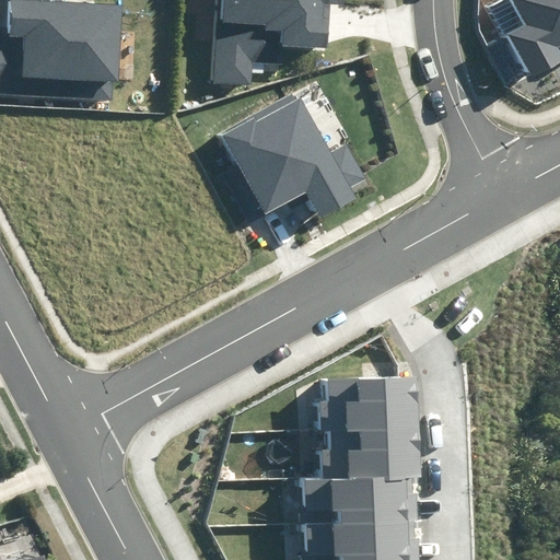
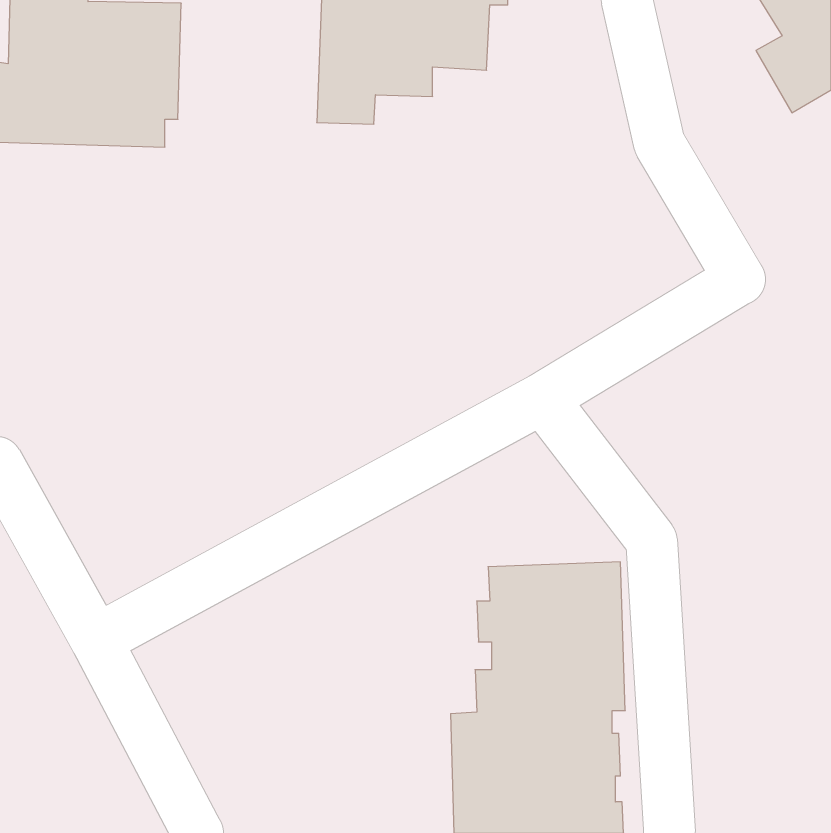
building: [219,92,365,217] -> none

